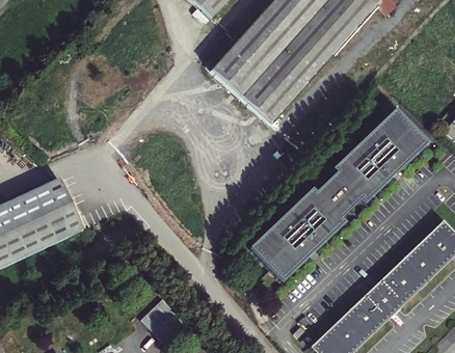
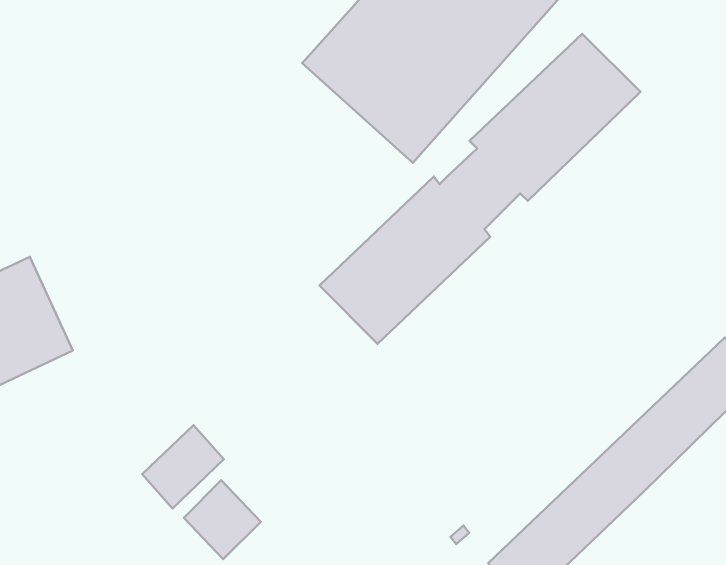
building: [250,109,428,280] -> [319,34,641,344]
building: none -> [142,425,224,508]

